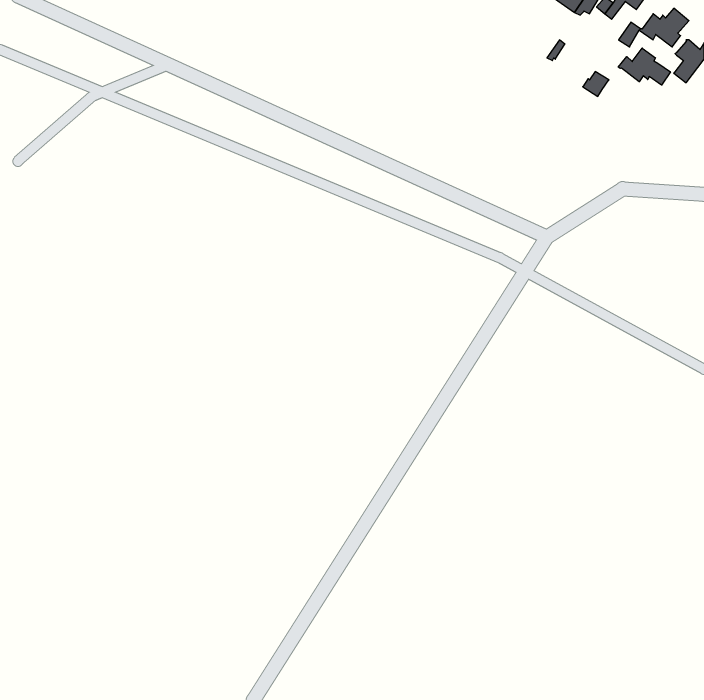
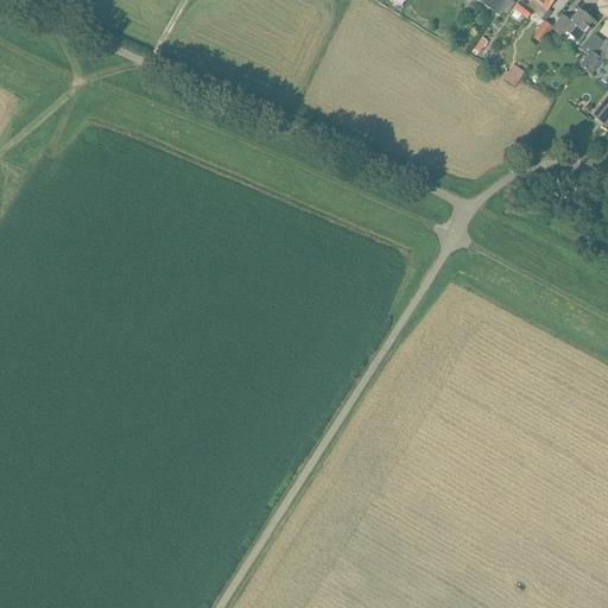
building: [618,48,670,85] -> none

